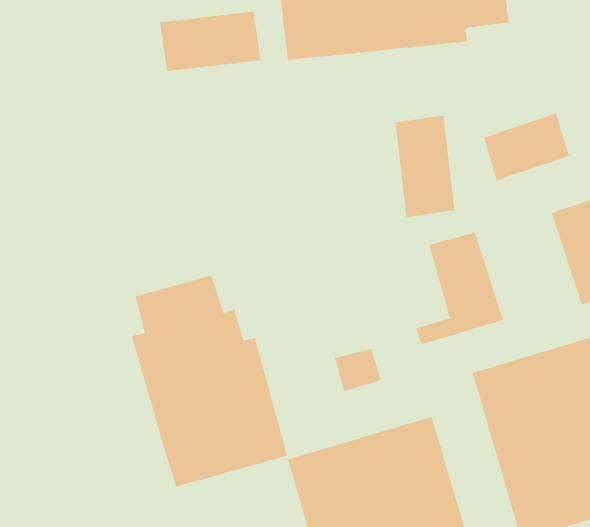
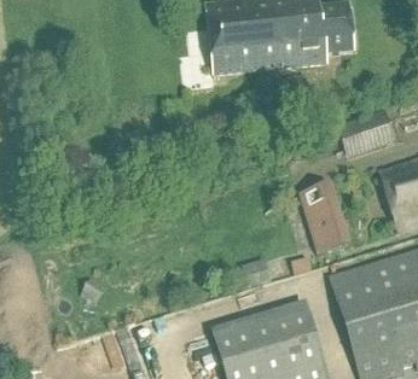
building: [160,11,261,72] -> none
building: [395,115,455,218] -> none
building: [131,275,288,487] -> none

